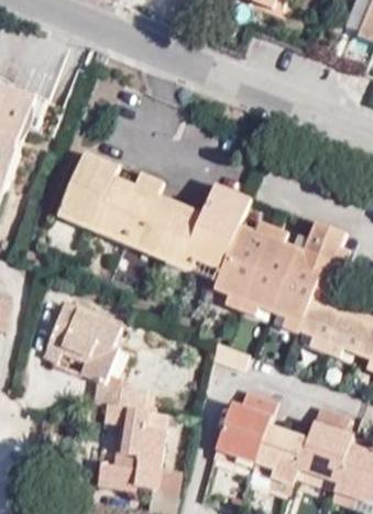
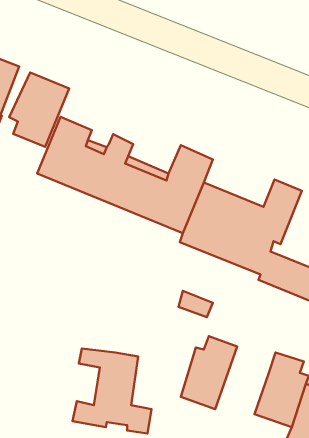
building: none -> [9,73,69,147]
building: [41,303,145,408] -> none
building: [249,397,309,493] -> none

